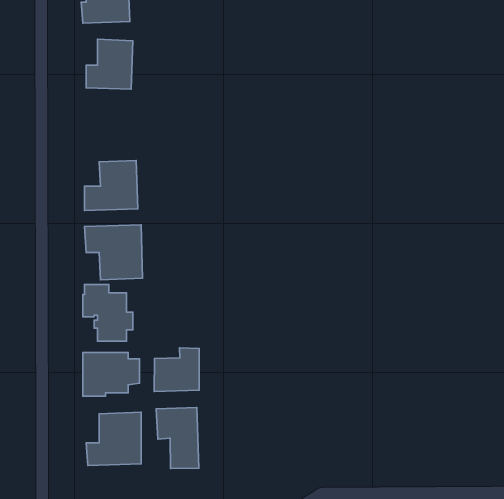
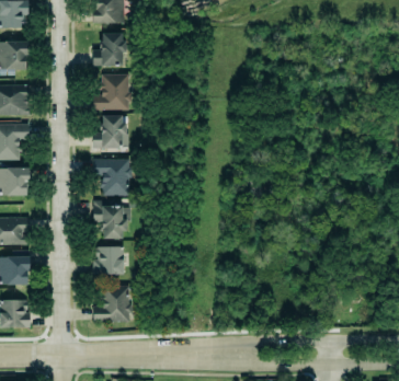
building: none -> [91,73,130,109]
building: [154,348,199,391] -> none
building: [156,407,199,469] -> none

